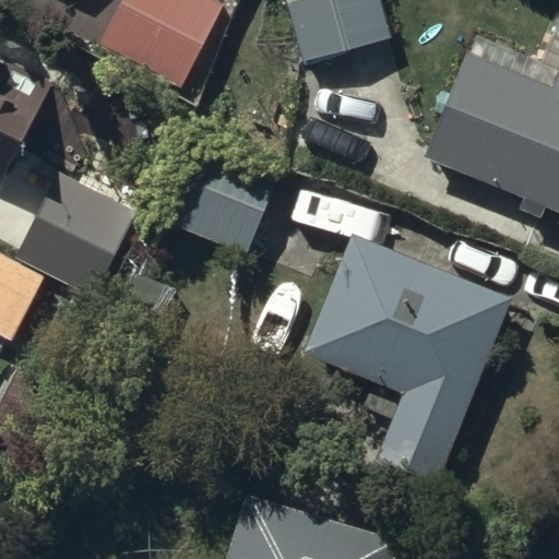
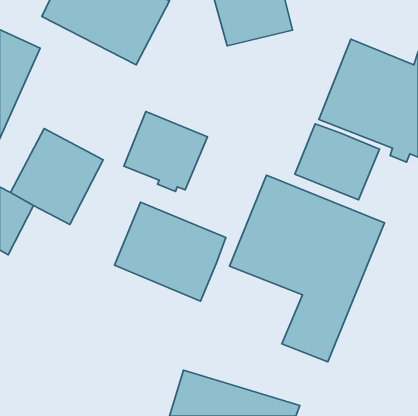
building: none -> [295,124,380,200]
building: none -> [115,202,226,301]

